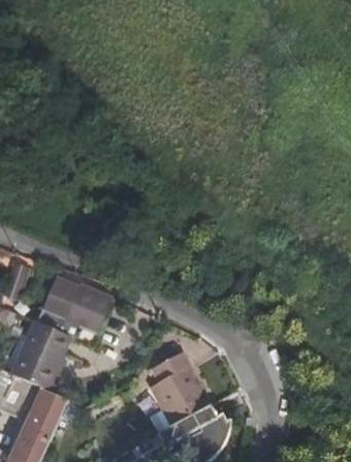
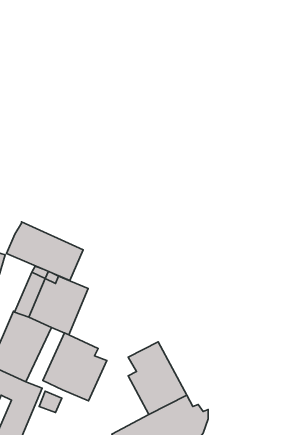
building: none -> [6,222,83,280]
building: none -> [43,333,107,401]

